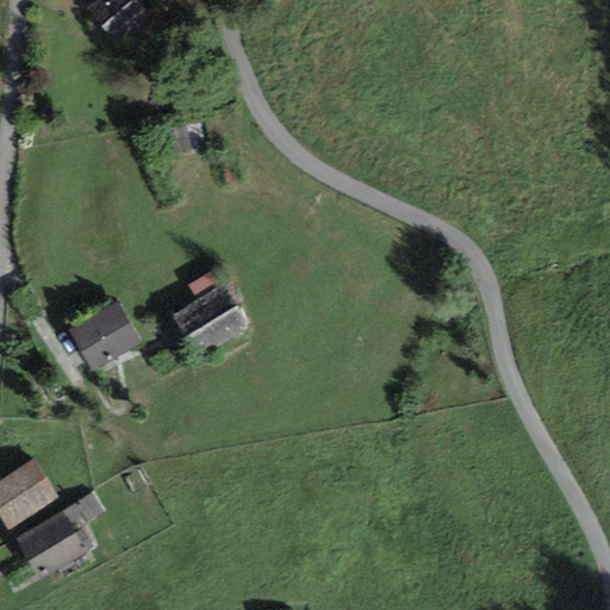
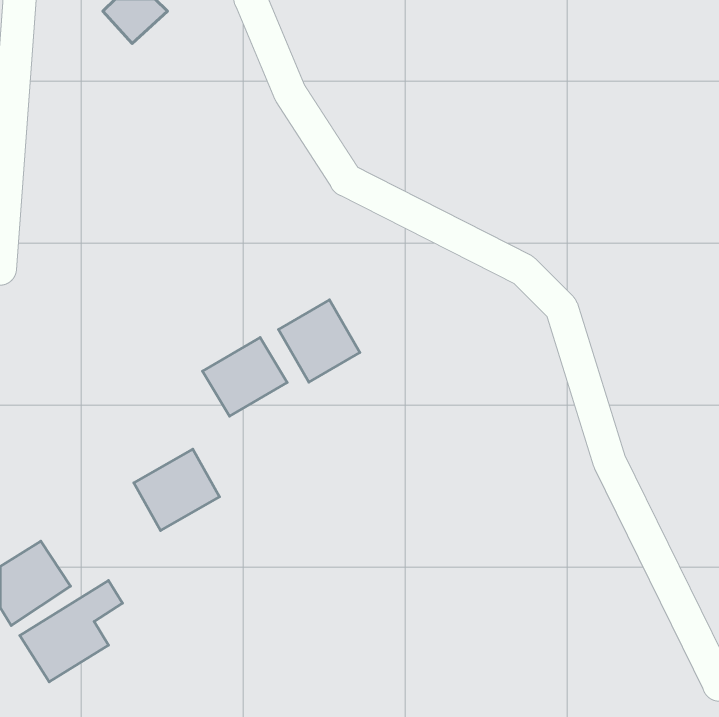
building: none -> [278,300,360,382]
building: [68,301,141,371] -> [134,449,220,531]

